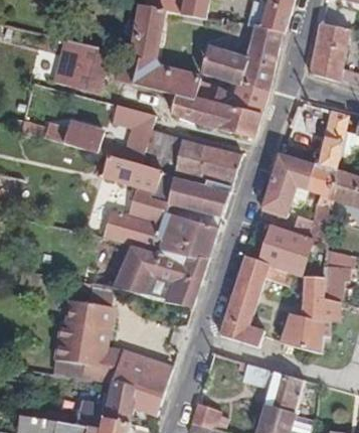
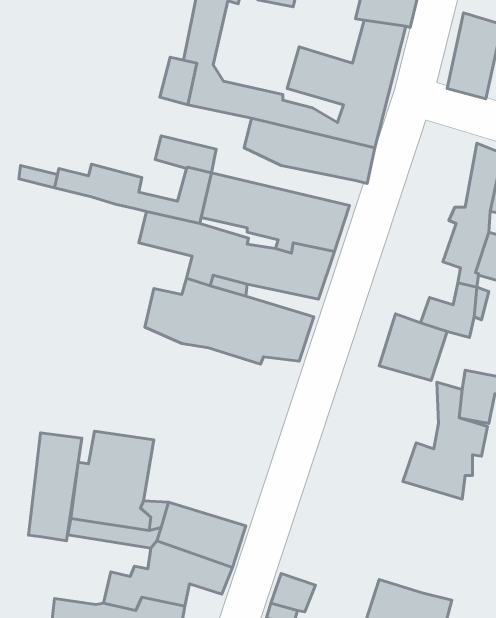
building: [52,38,108,92] -> none
building: [260,153,316,216] -> none
building: [92,245,209,304] -> none
building: [219,256,292,347] -> none
building: none -> [28,433,82,541]
building: [238,362,303,414] -> none

